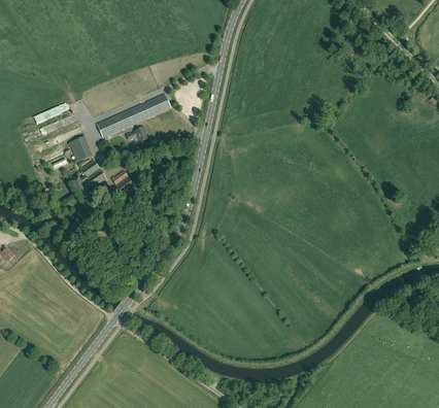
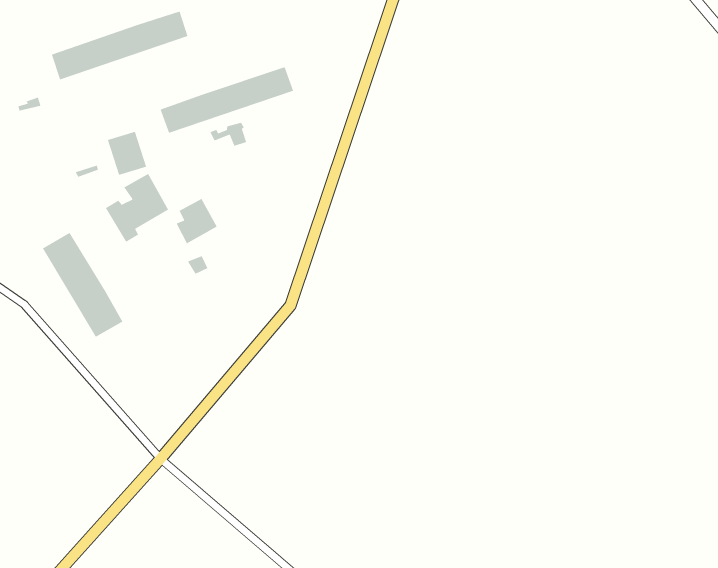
building: none -> [51,10,188,80]
building: none -> [42,232,124,338]

